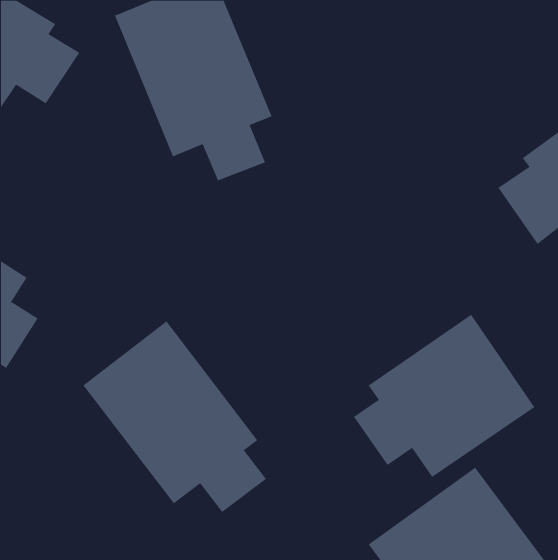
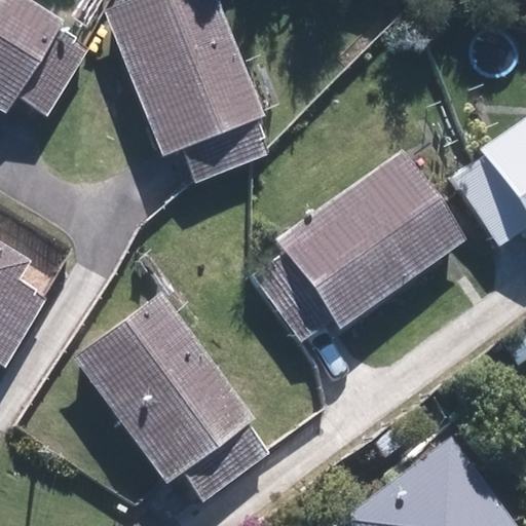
building: none -> [271,159,452,317]
building: [353,314,535,478] -> none

